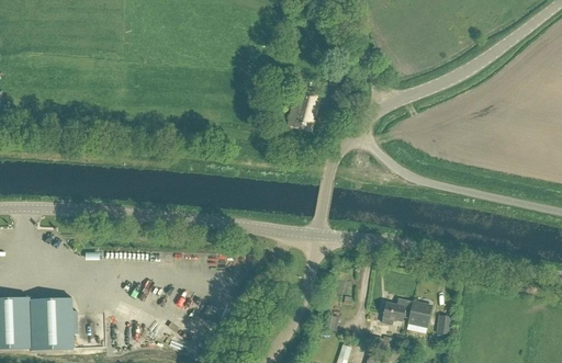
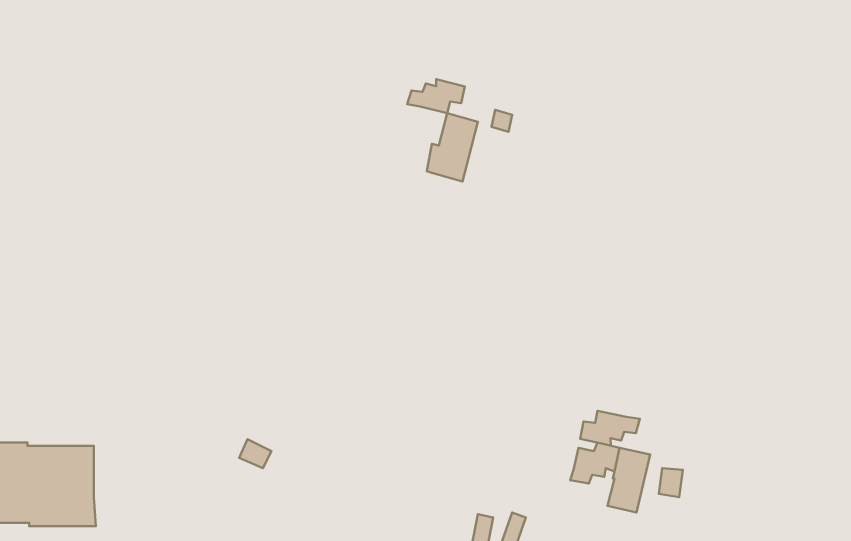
building: none -> [407,79,465,113]
building: none -> [580,411,640,445]

